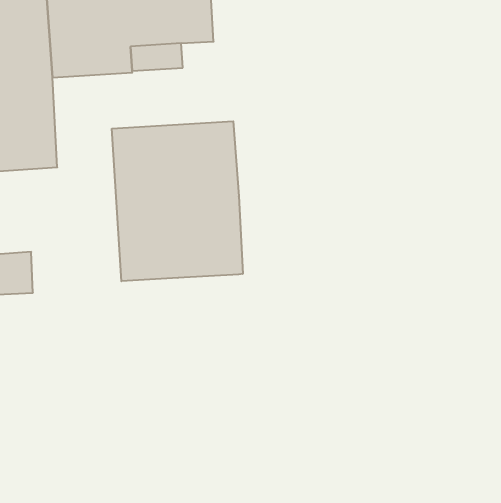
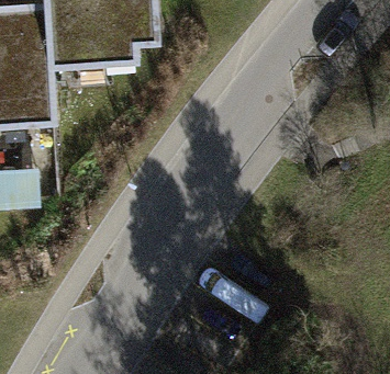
building: [112,121,243,281] -> none

